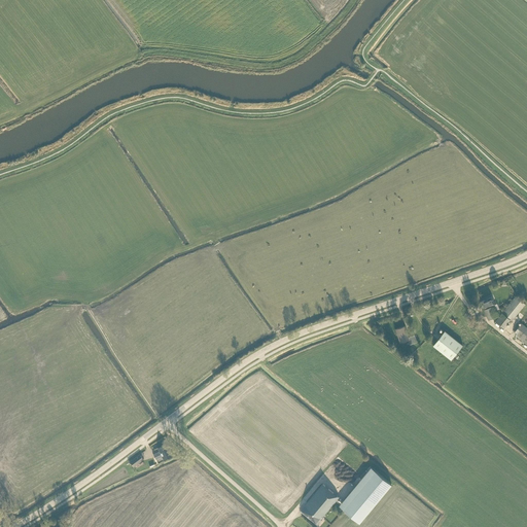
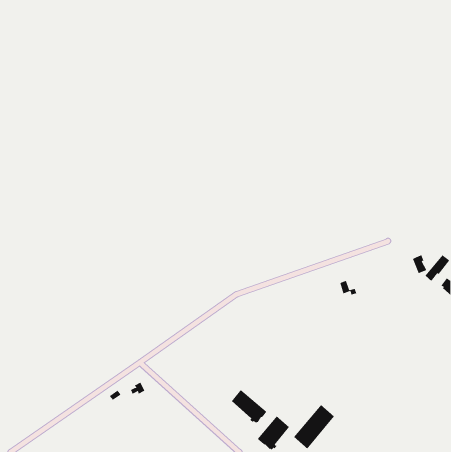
building: [431,329,461,358] -> none
building: none -> [231,389,267,424]

